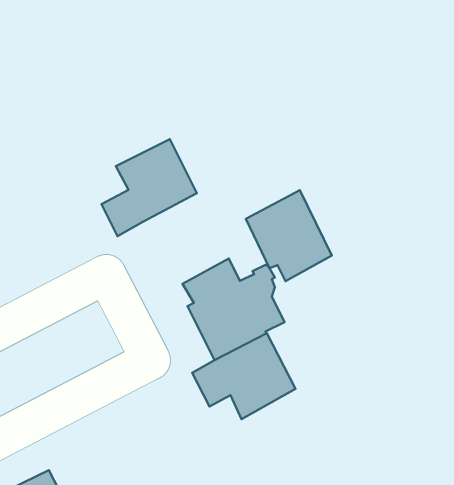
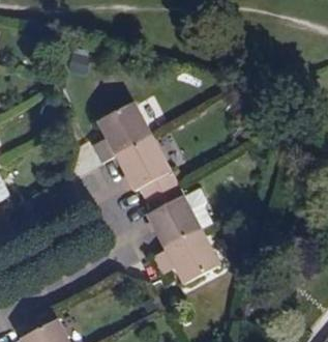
building: [246,190,332,281] -> [119,138,175,197]

